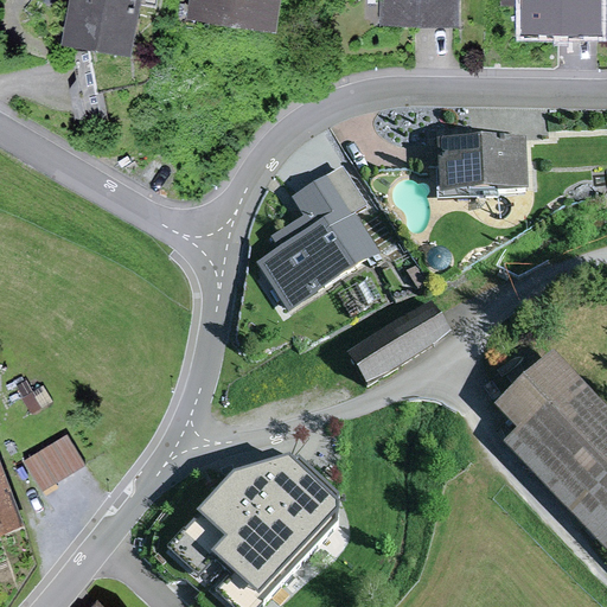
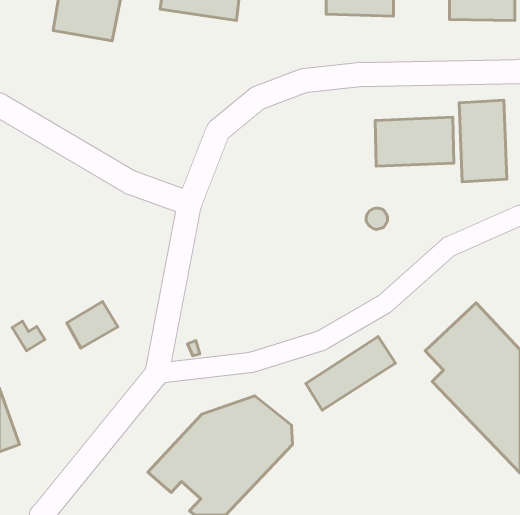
building: none -> [459,100,507,182]
building: [254,172,382,313] -> none
building: [347,298,452,383] -> [306,337,396,410]
building: [25,428,84,483] -> [67,301,118,348]

